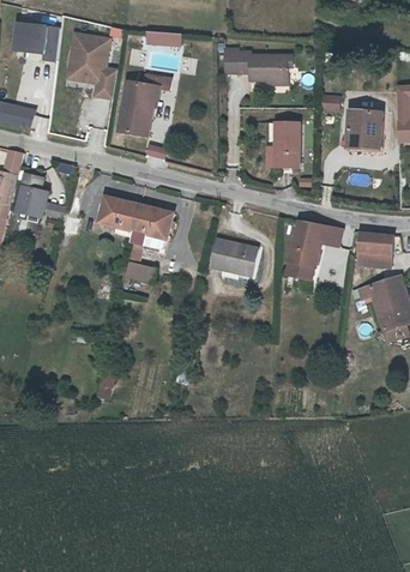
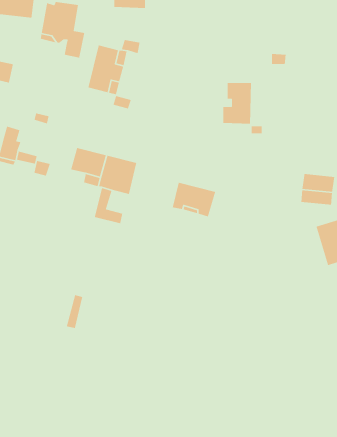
building: [225,54,287,85] -> none
building: [350,108,384,149] -> none
building: [287,221,338,278] -> none

